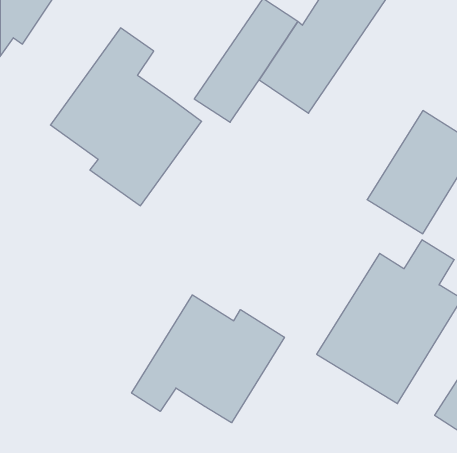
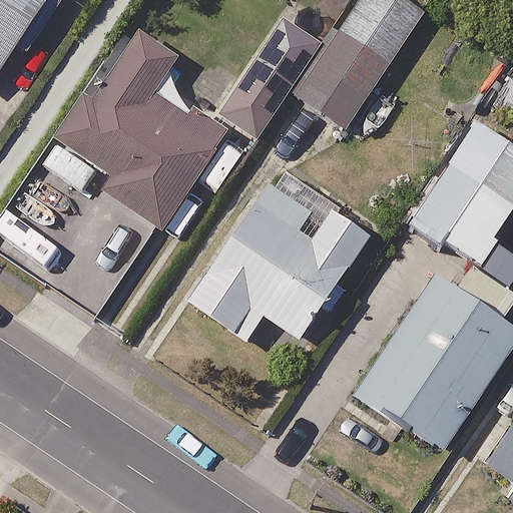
building: none -> [188,181,368,340]
building: [132,295,284,423] -> none

